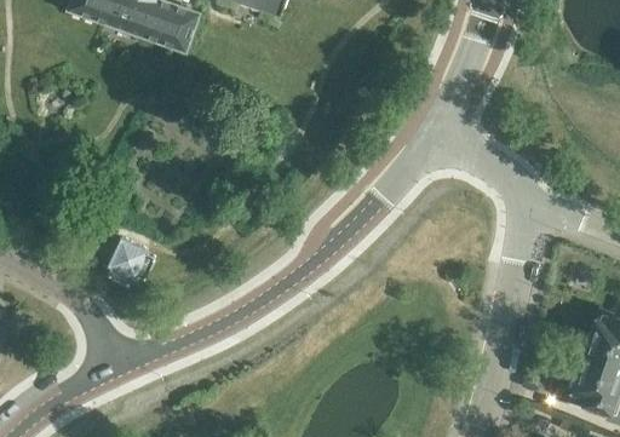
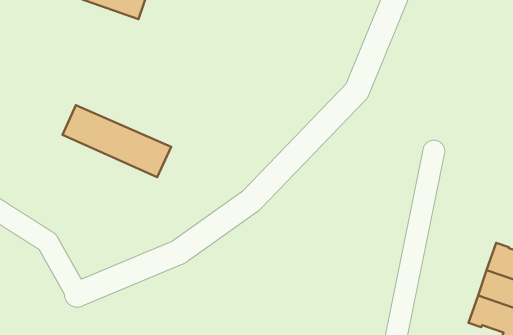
building: none -> [63,105,171,177]
building: [108,237,151,280] -> none

